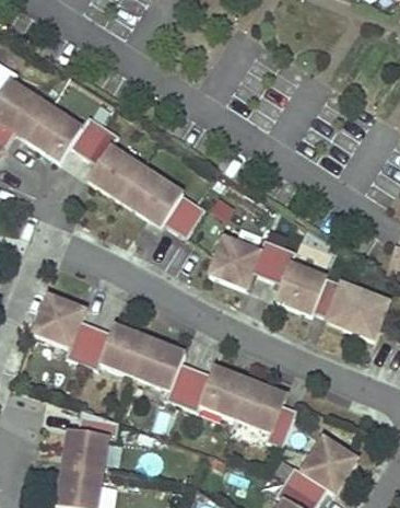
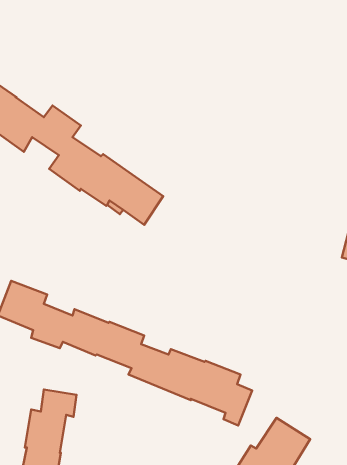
building: [210,234,387,343] -> none

